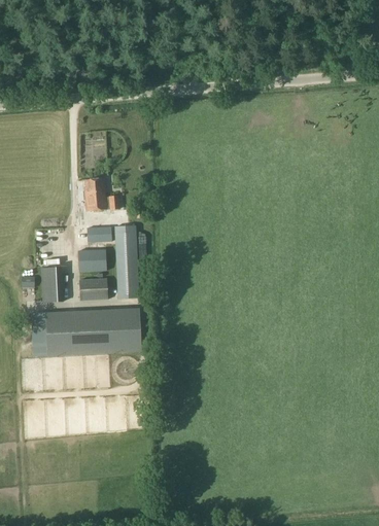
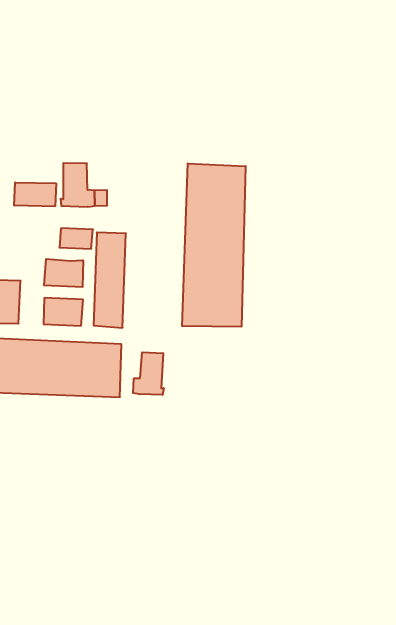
building: none -> [182,163,246,327]
building: none -> [14,182,56,206]
building: none -> [133,352,164,395]

